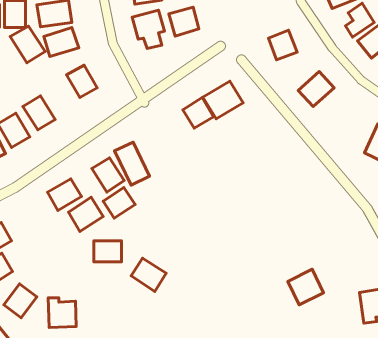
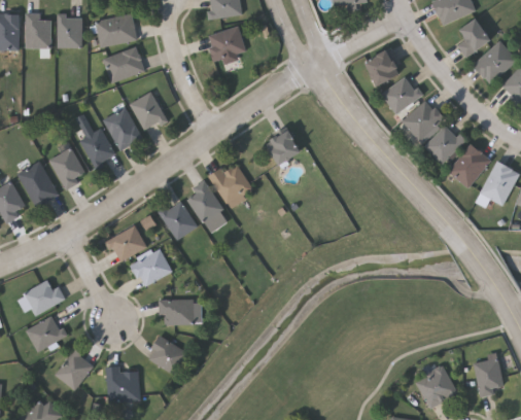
building: [169,7,199,36] -> none
building: [10,26,45,63] -> [101,107,142,150]
building: none -> [381,75,422,114]
building: [203,81,243,119] -> none
building: none -> [423,124,464,164]
building: none -> [447,144,491,188]
building: none -> [209,162,252,207]
building: [103,188,135,218] -> none
building: [131,258,166,291] -> [147,336,188,375]
building: [288,269,324,305] -> [415,365,457,408]

